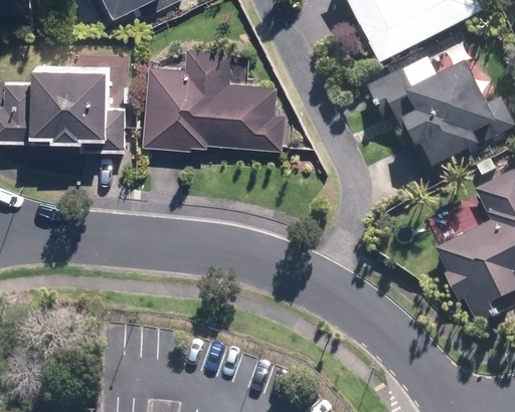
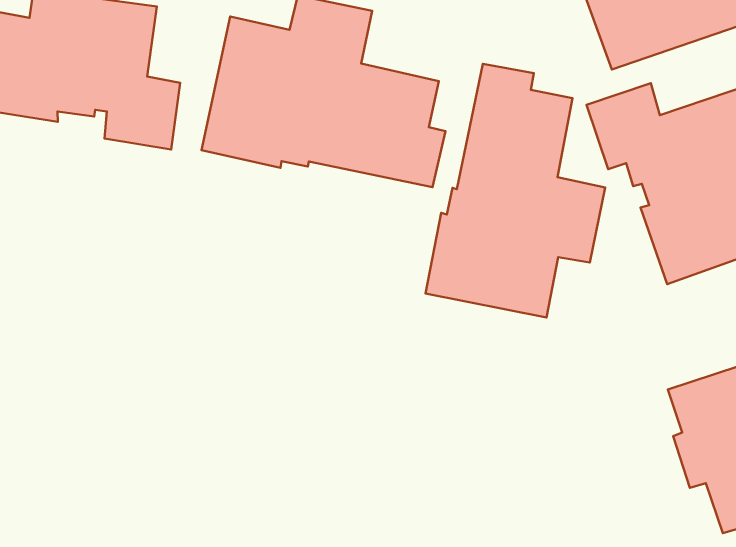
building: none -> [426,64,605,318]

